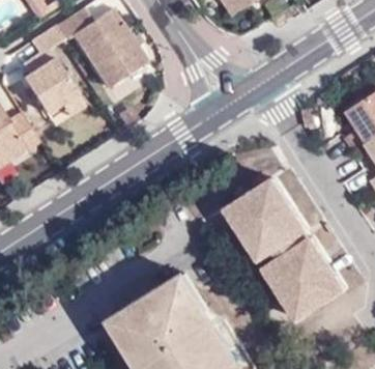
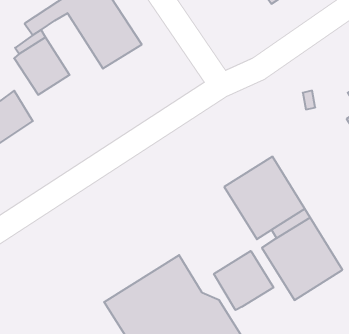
building: none -> [214,251,273,310]

